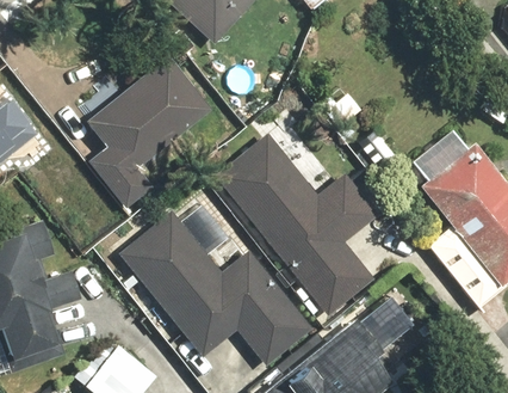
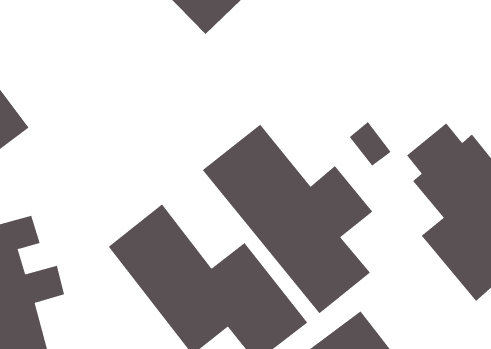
building: [85,53,212,203] -> none

